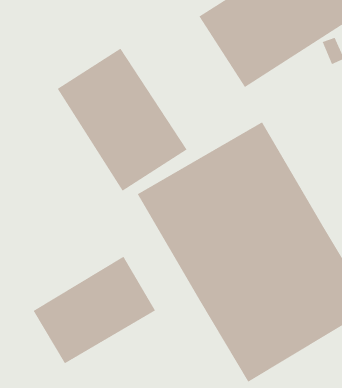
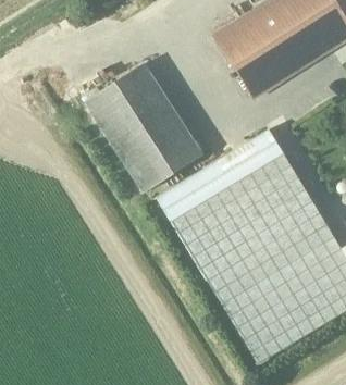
building: [33,256,156,364] -> none

